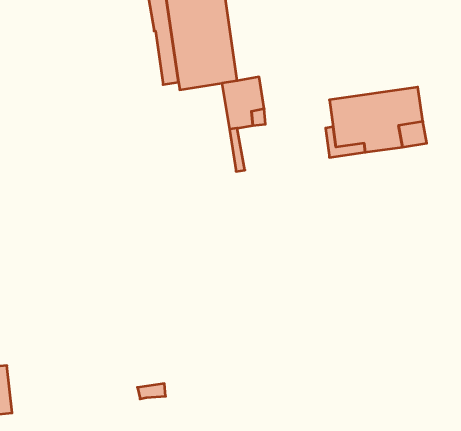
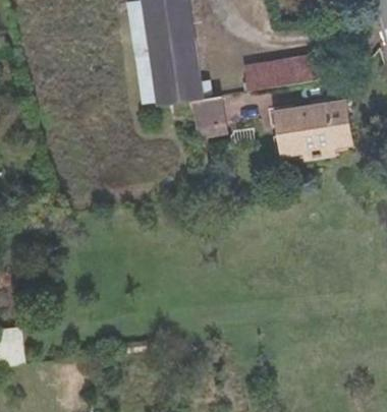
building: none -> [243,54,320,90]

